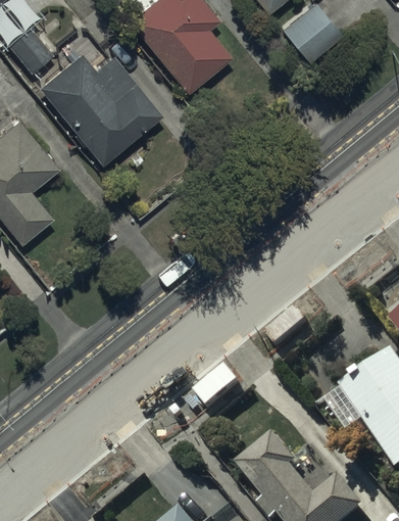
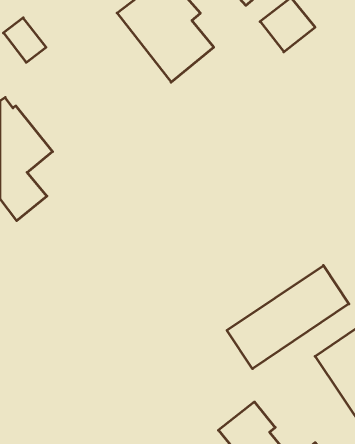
building: [39,50,161,160] -> none
building: none -> [227,265,349,369]

